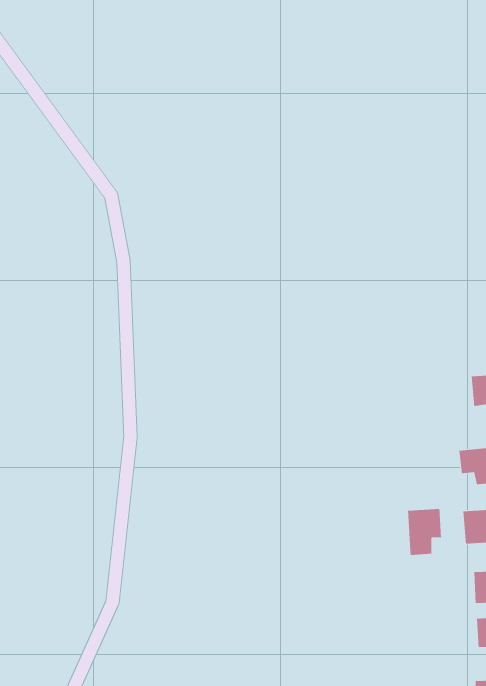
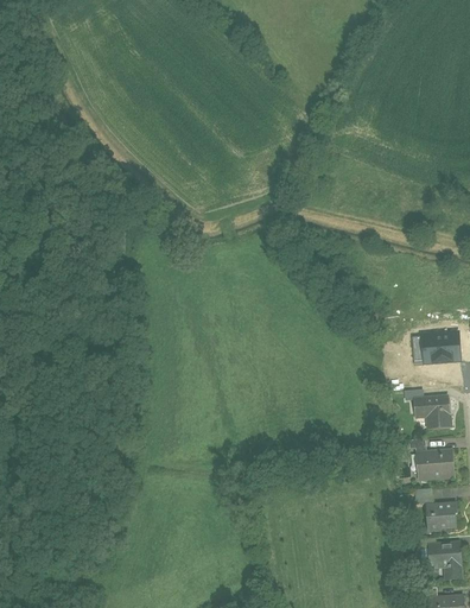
building: [408,508,442,556] -> none

